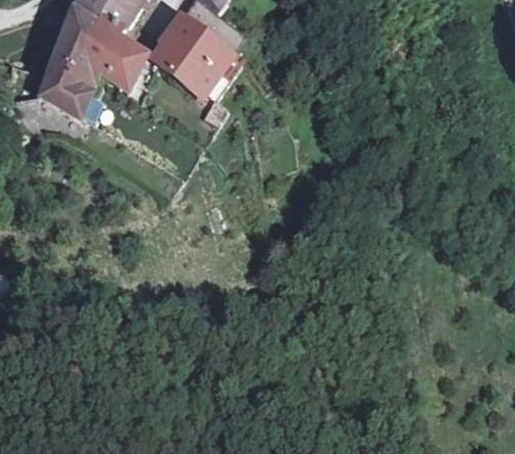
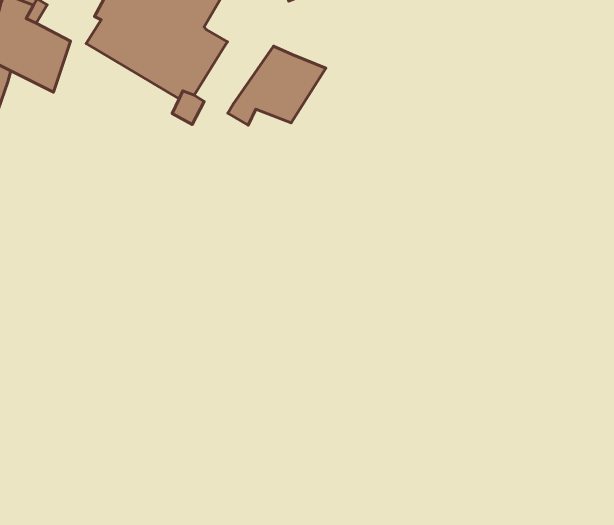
building: none -> [228,46,326,125]

